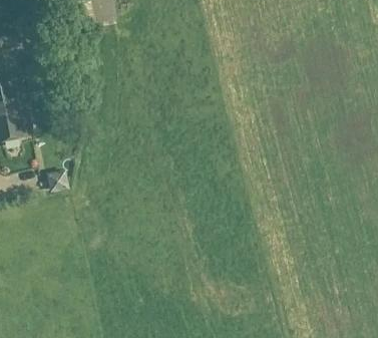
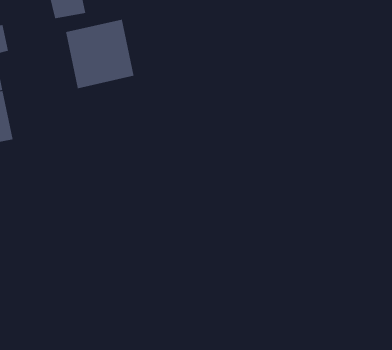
building: none -> [65,19,134,89]

